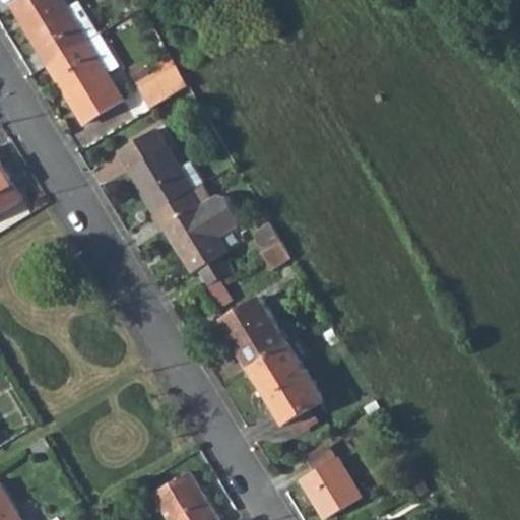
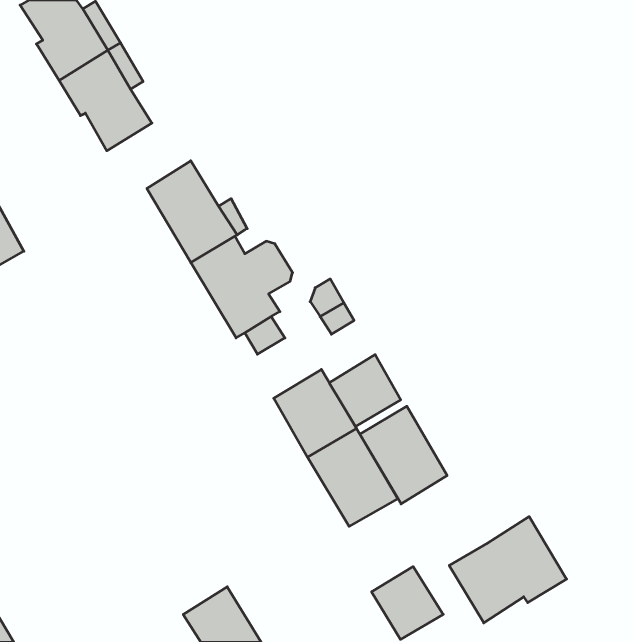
building: [138,69,186,110] -> none
building: none -> [329,355,401,427]
building: none -> [360,406,447,504]
building: none -> [449,517,567,623]

